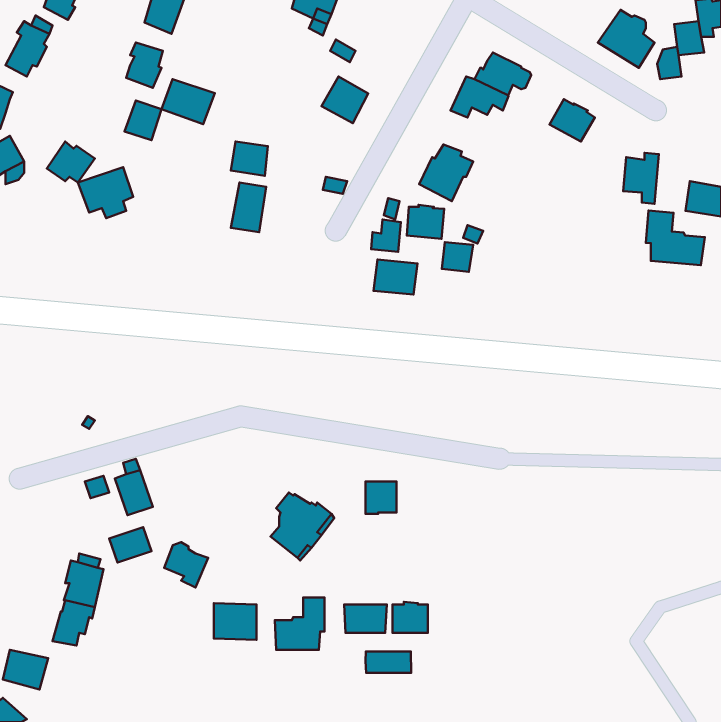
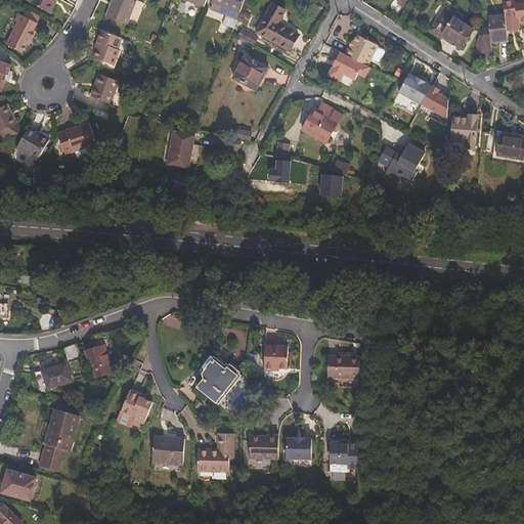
building: none -> [255,4,297,49]
building: [161,79,215,124] -> none
building: none -> [421,84,447,116]
building: [231,141,268,176] -> none
building: [47,142,95,183] -> [9,126,44,156]
building: none -> [380,144,425,179]
building: [407,205,444,239] -> none
building: [646,211,705,265] -> none
building: [373,260,418,295] -> none
building: none -> [329,351,361,374]
building: [109,527,152,562] -> [39,359,70,385]
building: none -> [330,438,358,468]
building: [365,652,411,673] -> none

